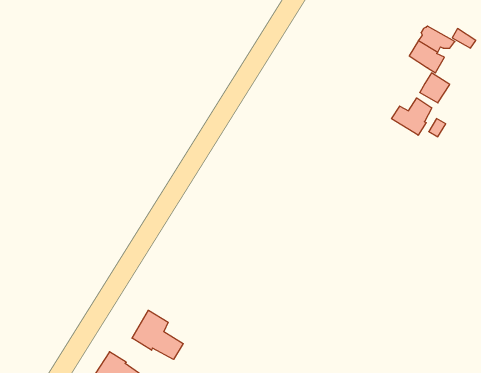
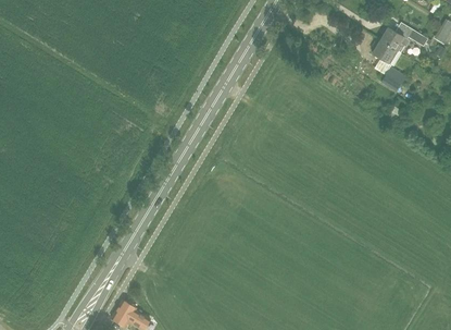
building: [392,98,432,135] -> none
building: [132,310,183,359] -> none

